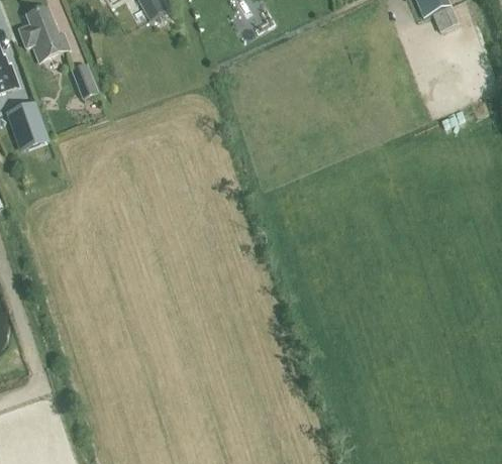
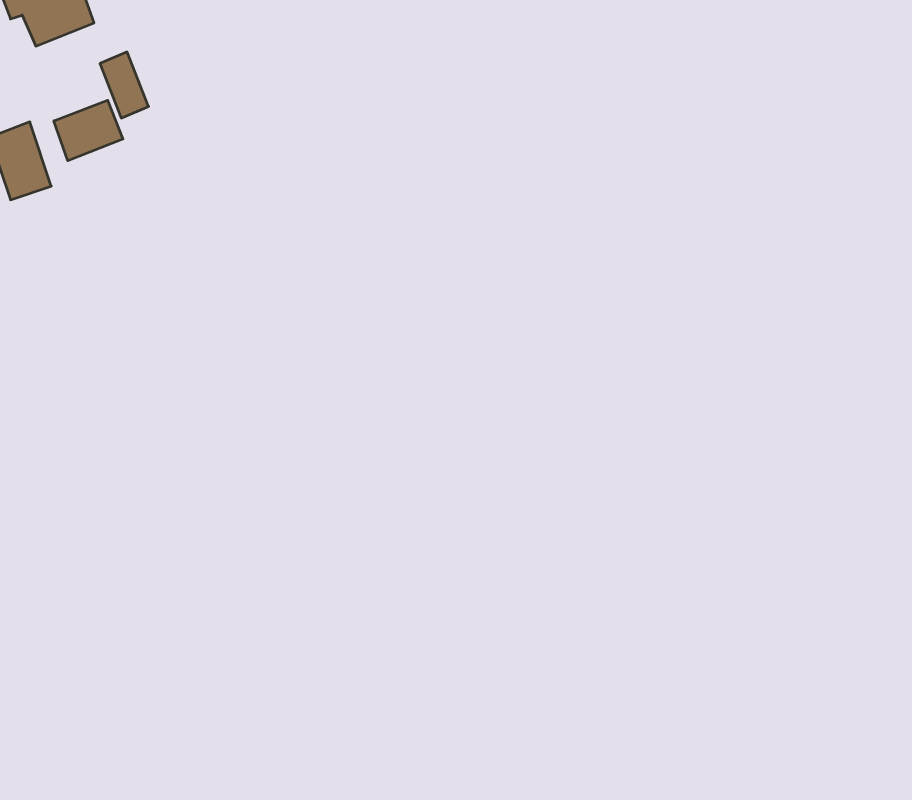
building: none -> [54,100,123,161]

